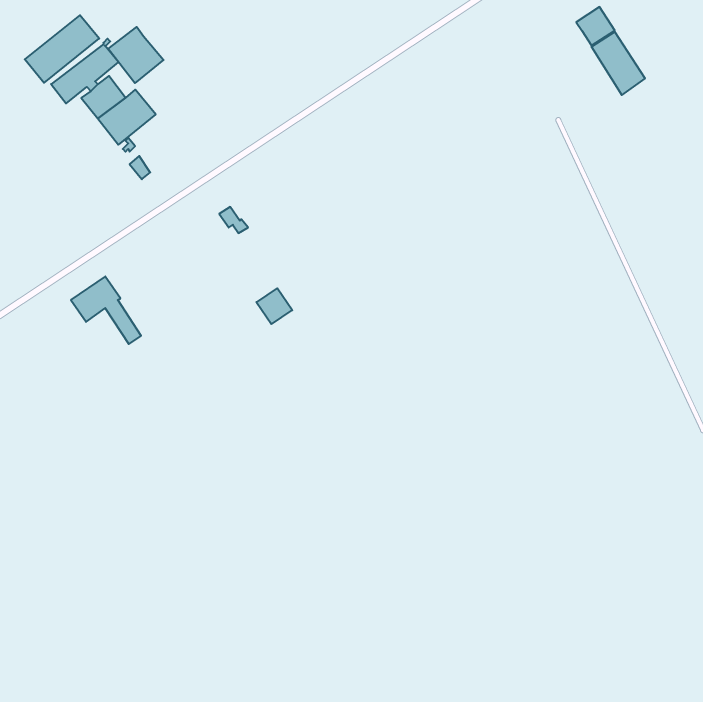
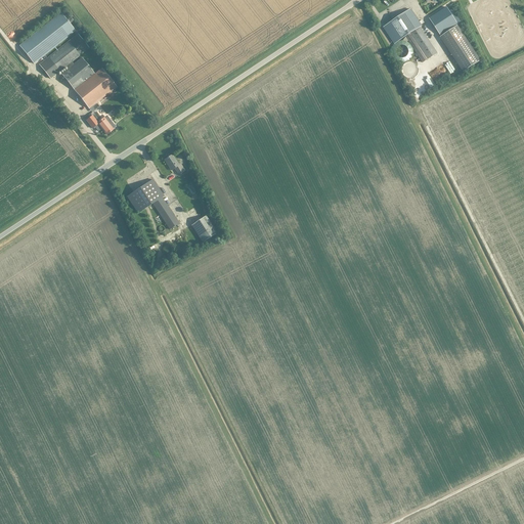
building: none -> [384,7,436,60]
building: [108,27,164,83] -> none
building: [71,276,141,344] -> [126,178,178,228]

